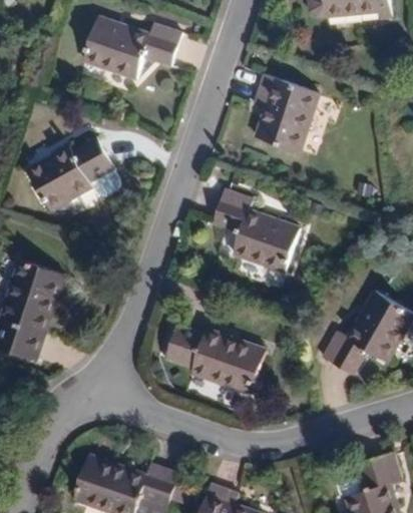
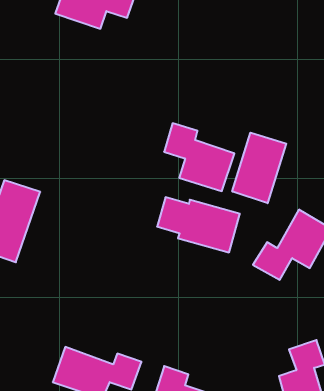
building: [252,75,318,153] -> none
building: [29,138,116,209] -> none
building: none -> [232,133,286,203]
building: [164,327,264,393] -> [157,197,240,252]

